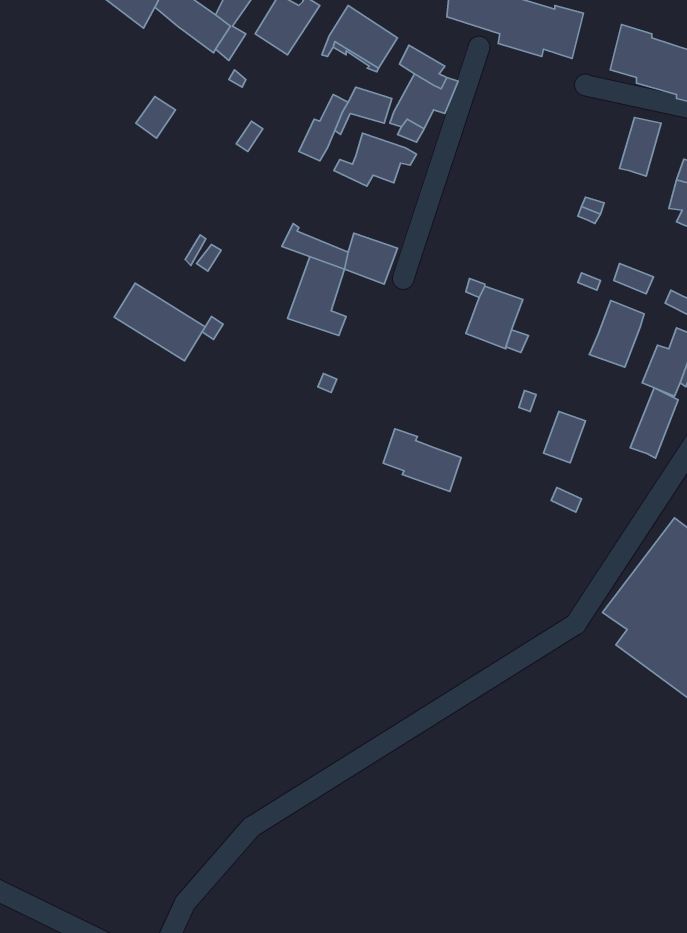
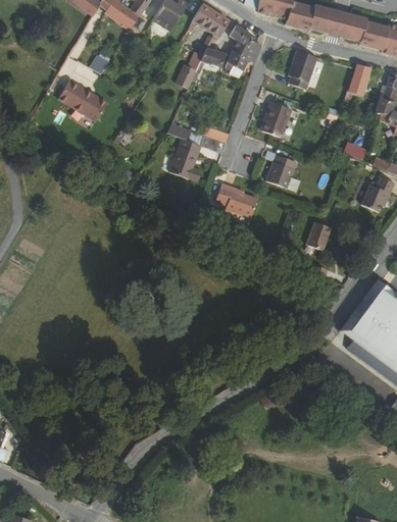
building: none -> [322,7,349,38]
building: none -> [285,50,314,90]
building: [334,133,416,186] -> none
building: none -> [259,102,288,136]
building: [114,283,205,361] -> [58,79,107,120]
building: [589,300,644,367] -> none
building: [630,388,678,458] -> none
building: [383,429,461,492] -> [215,182,257,216]

